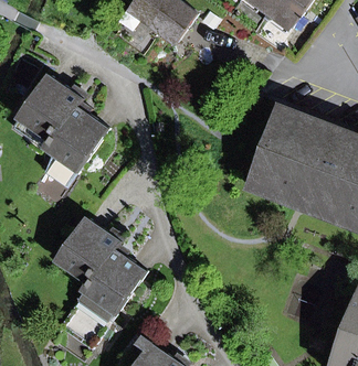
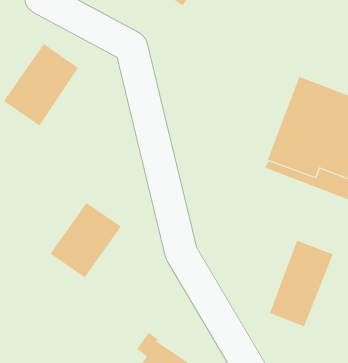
building: [42,99,106,186] -> none
building: [57,243,145,348] -> none
building: none -> [269,240,334,327]

